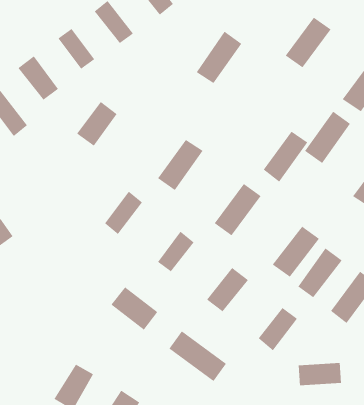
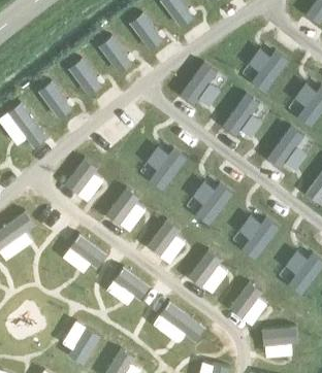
building: [76,101,117,146] -> [65,158,98,194]
building: [263,131,308,183] -> [223,94,259,135]
building: none -> [69,234,106,267]
building: [297,247,342,298] -> none

